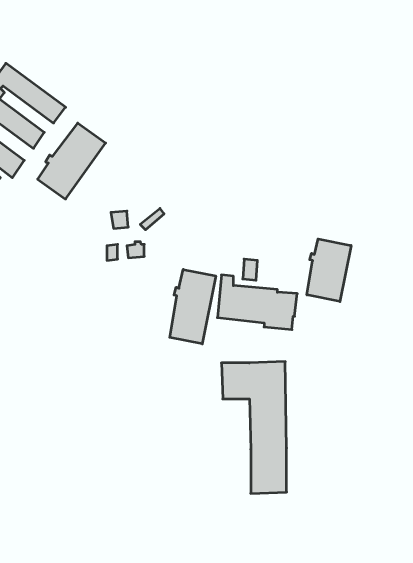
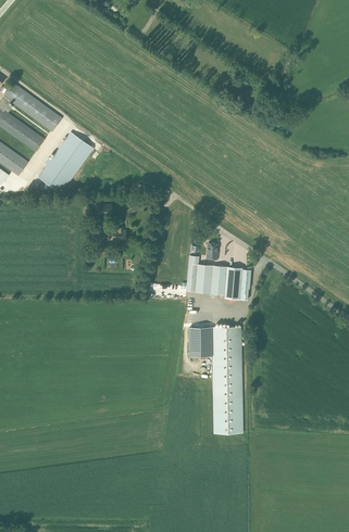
building: [307,239,351,302] -> none
building: [170,269,216,344] -> none

